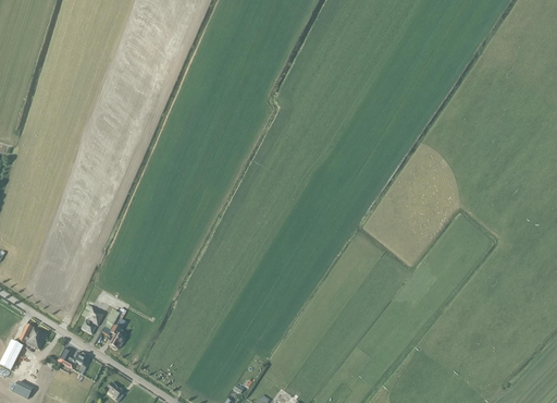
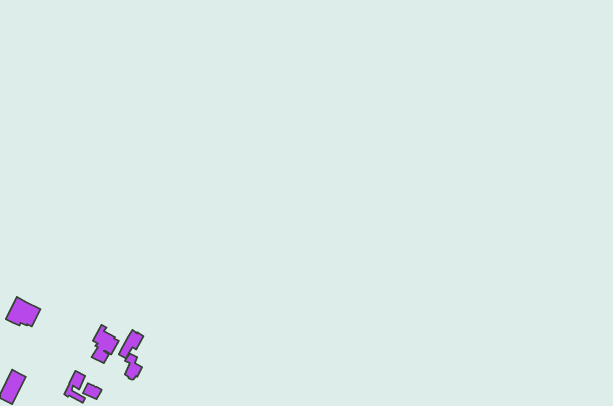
building: [16,323,47,350] -> [6,297,40,327]

